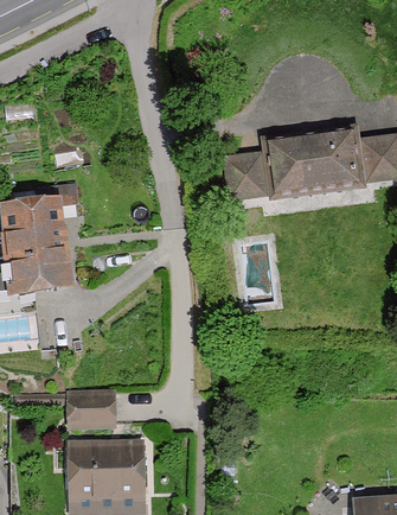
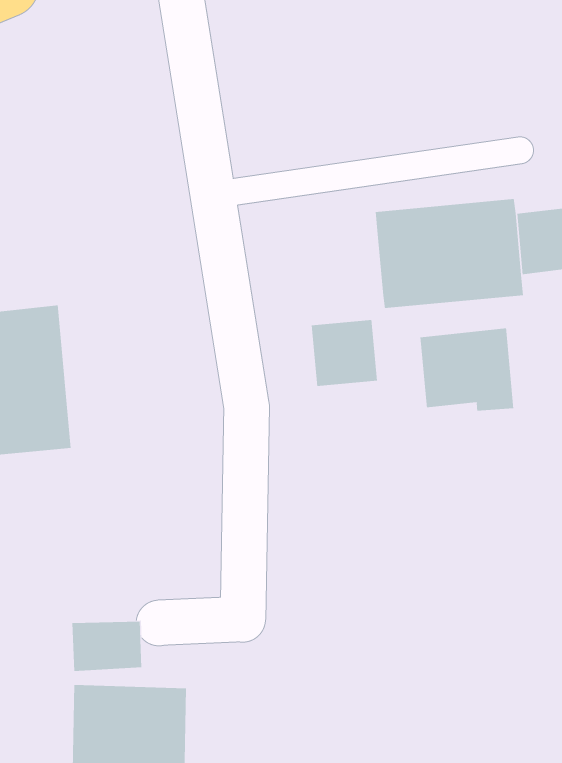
building: [225,151,268,193] -> [311,320,378,387]
building: none -> [420,328,514,412]

